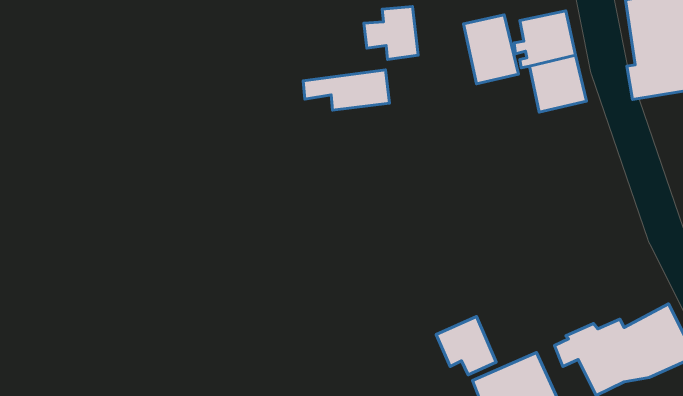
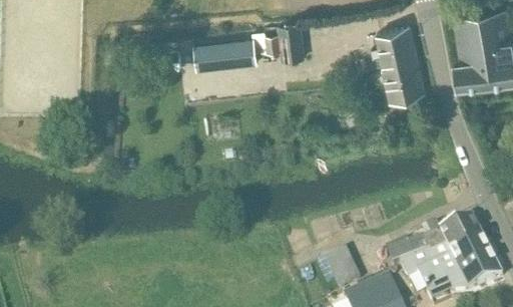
building: [464,15,518,84] -> none
building: [303,70,390,110] -> [192,41,254,70]
building: none -> [387,218,483,269]

